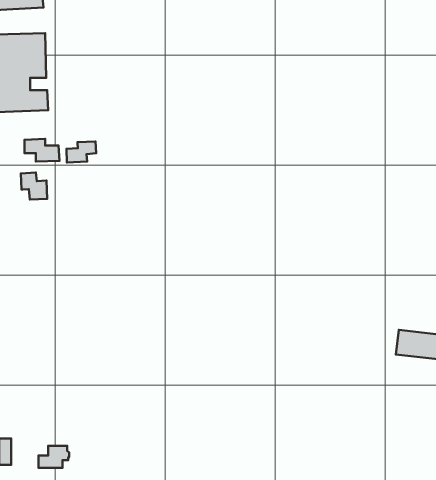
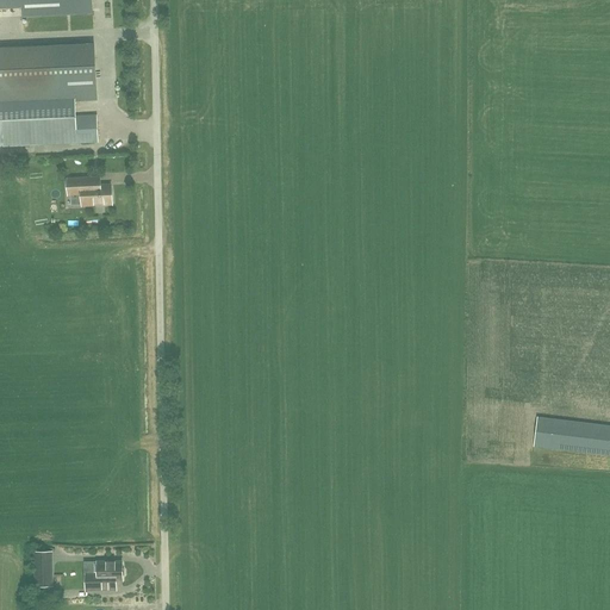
building: [66,142,96,162] -> none
building: [21,172,47,199] -> none

